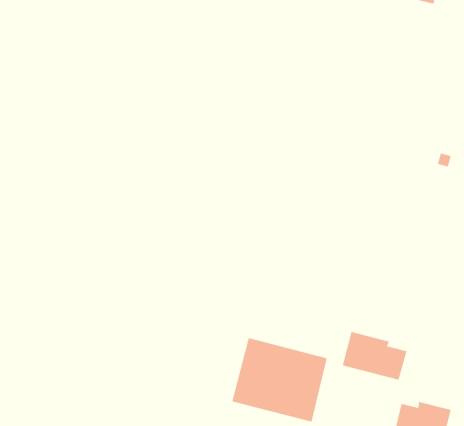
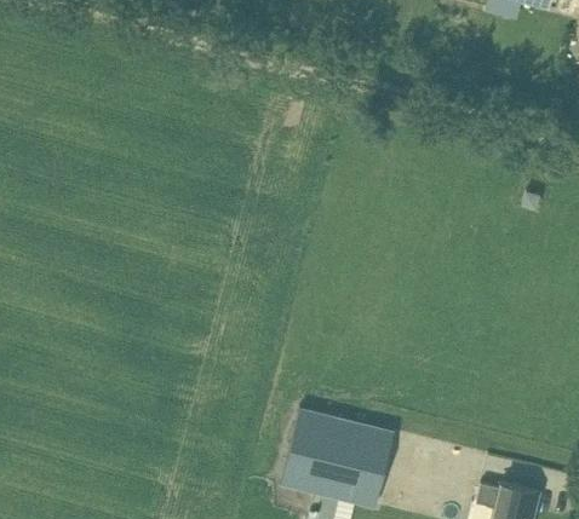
building: [342,331,407,381] -> none

